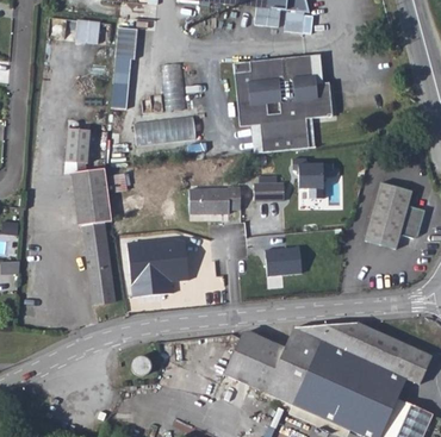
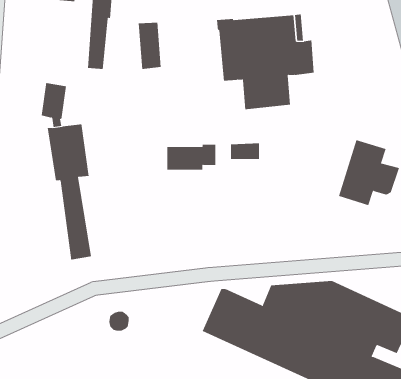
building: [139,112,200,139] -> none
building: [291,158,323,195] -> none
building: [125,236,188,298] -> none
building: [262,246,300,277] -> none

